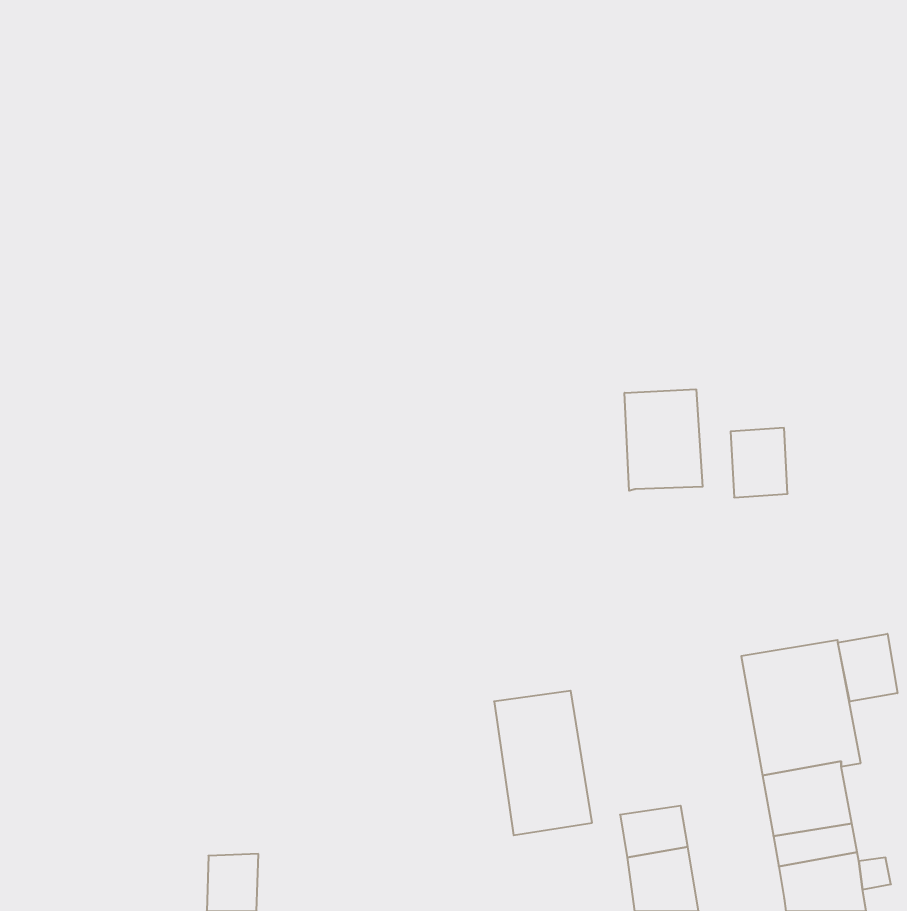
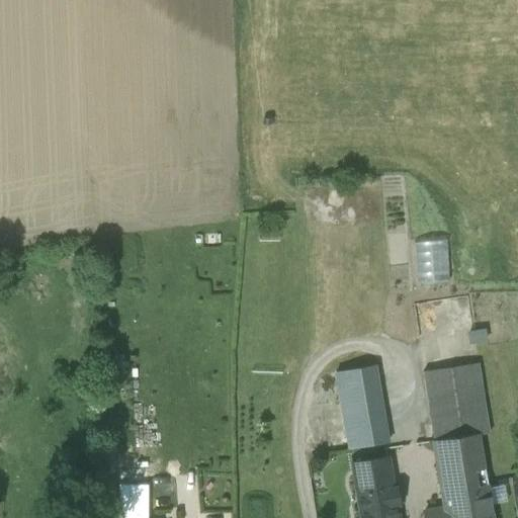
building: [625,389,703,491] -> none
building: [838,634,897,702] -> none
building: [494,691,592,835] -> [334,365,390,447]

